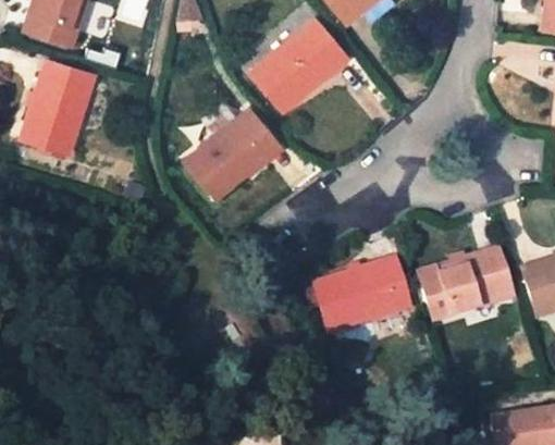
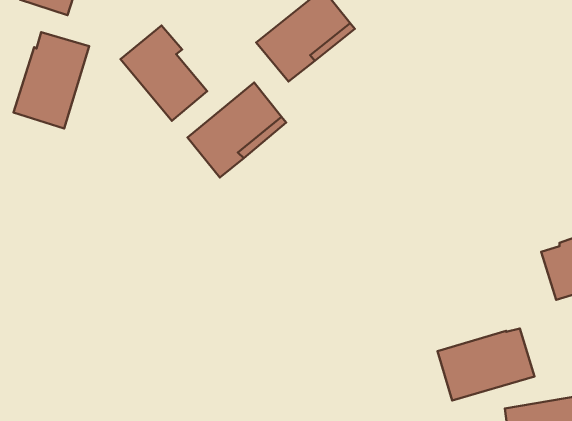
building: none -> [121,26,207,121]
building: [418,251,510,320] -> [437,328,535,400]
building: [316,260,408,330] -> none

